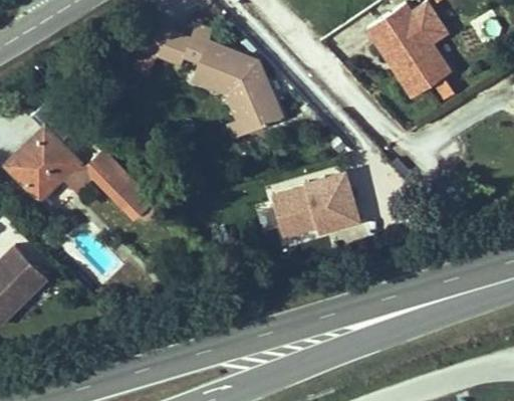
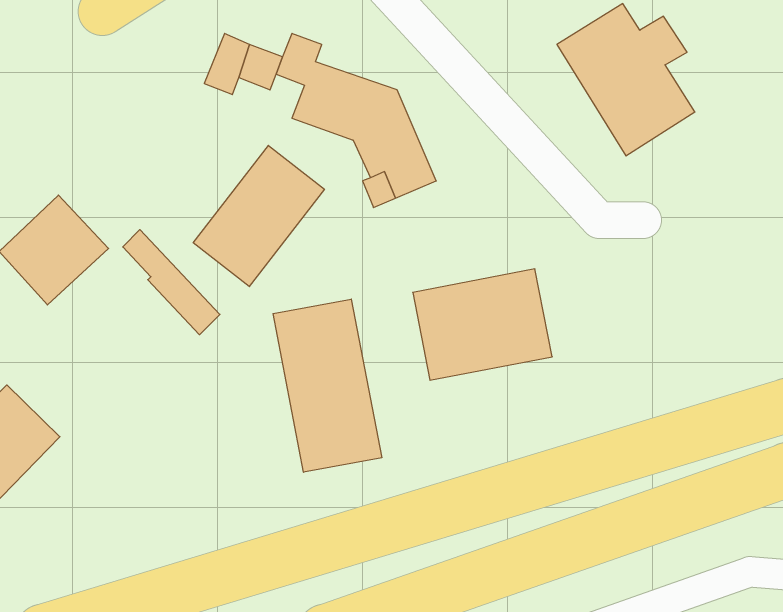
building: none -> [193,145,324,287]
building: none -> [273,299,382,472]

